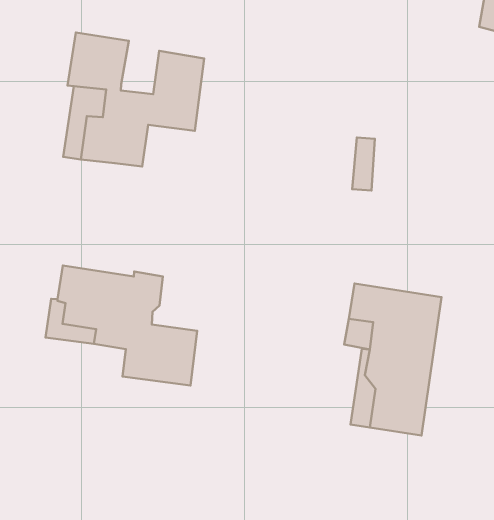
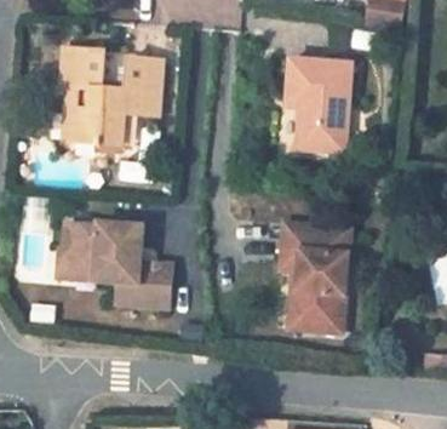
building: none -> [286,58,351,154]

